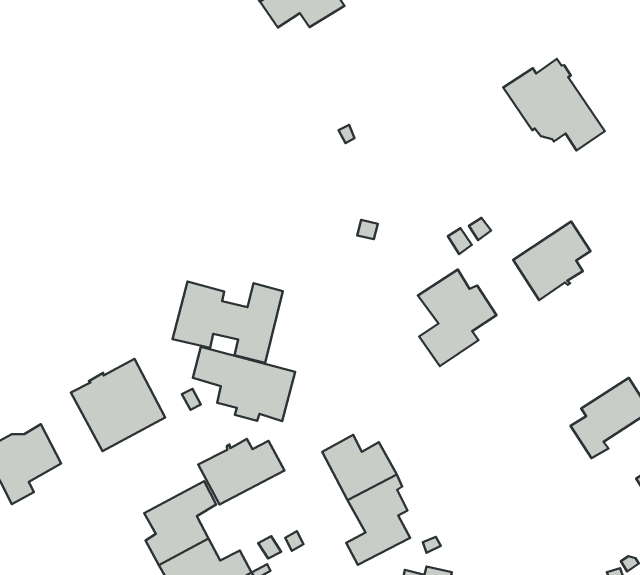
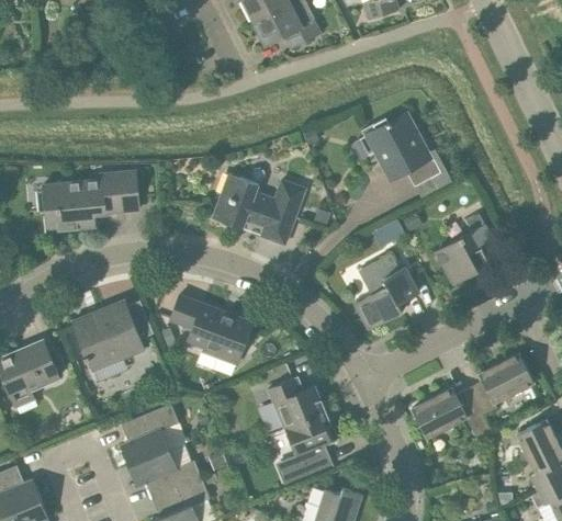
building: [503,59,605,150] -> [361,112,439,186]
building: none -> [36,170,138,231]
building: [172,281,283,363] -> [213,173,305,245]
building: none -> [412,387,492,440]
building: [198,439,284,504] -> none

